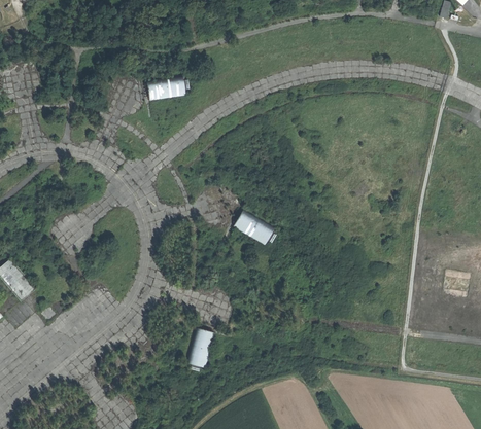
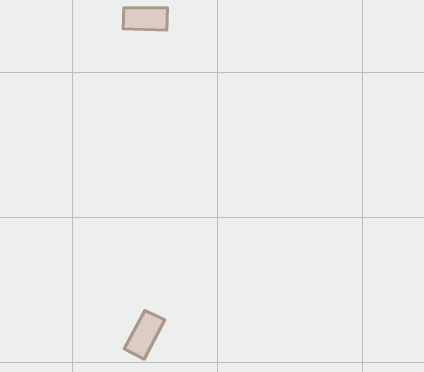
building: [235,210,276,244] -> none

